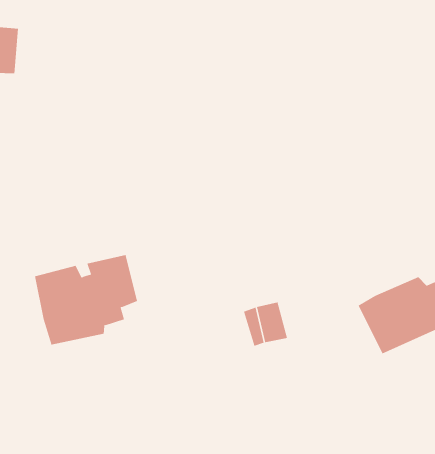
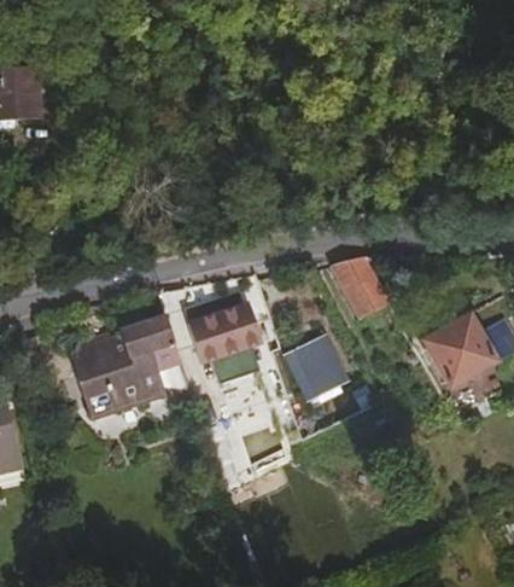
building: none -> [332,260,391,321]
building: none -> [189,298,253,371]

